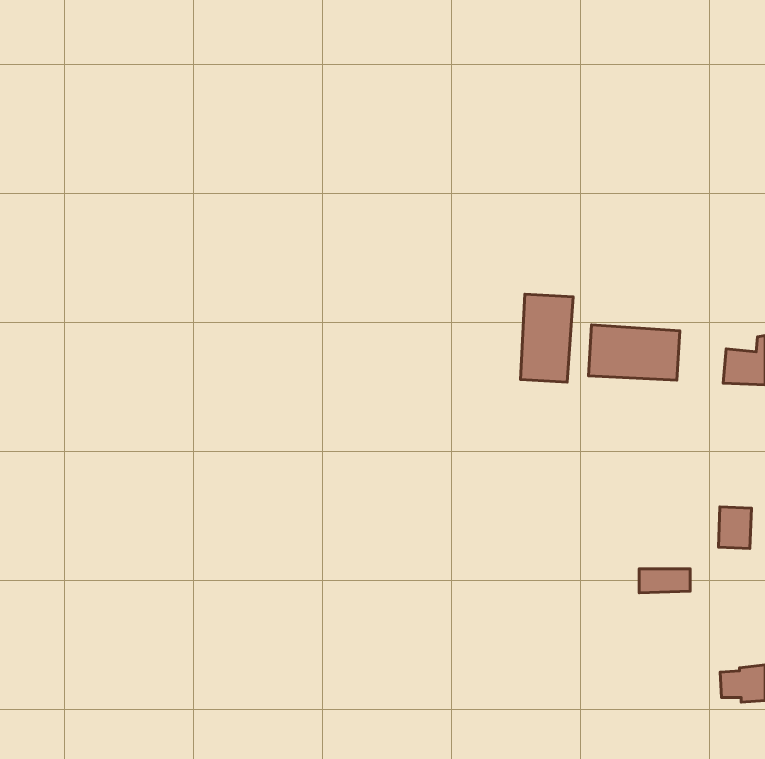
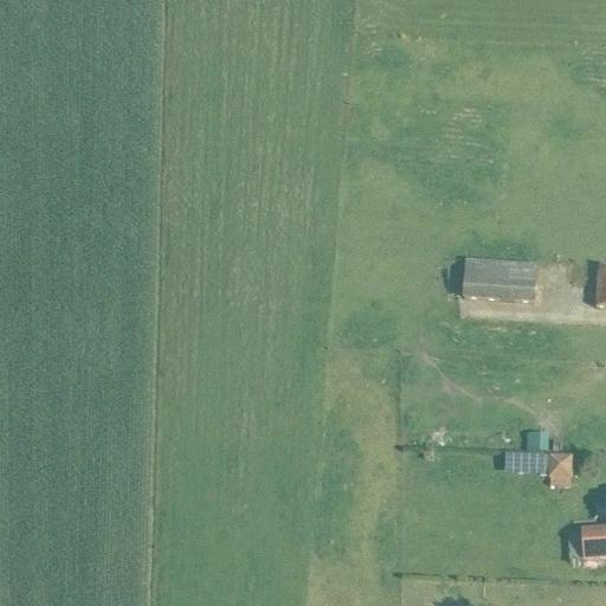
building: [520,294,573,382] -> none
building: [718,507,751,549] -> [546,451,572,484]

